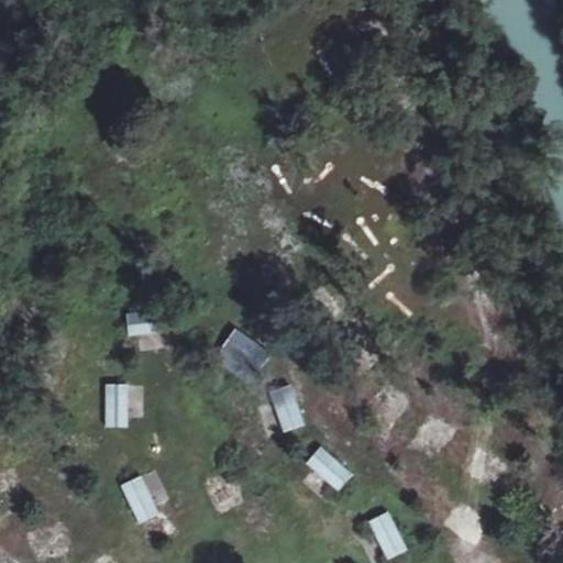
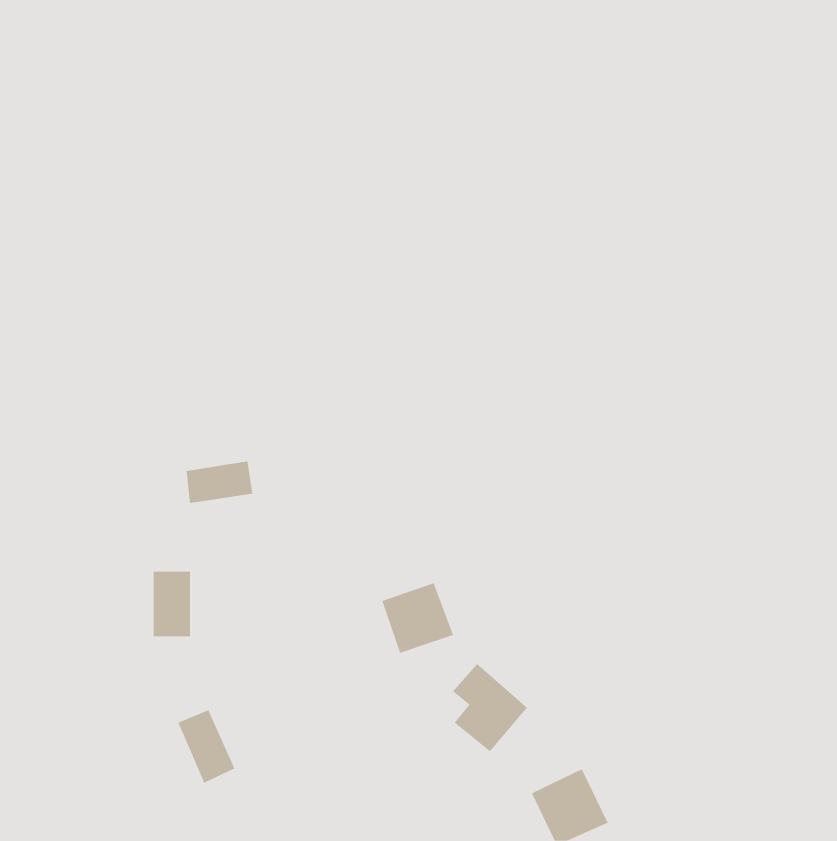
building: [216,327,258,372] -> none

